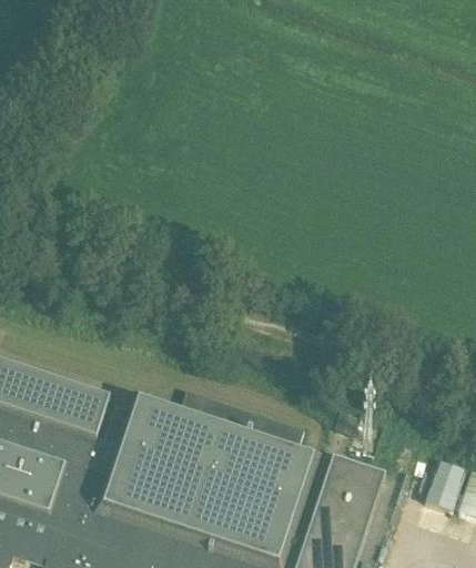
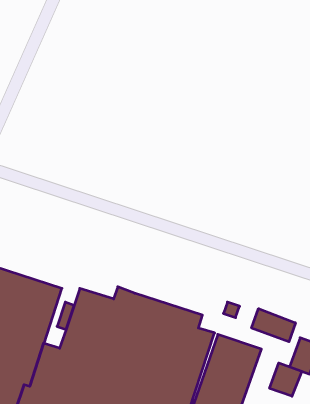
building: none -> [252,309,295,342]
building: none -> [270,363,302,396]

